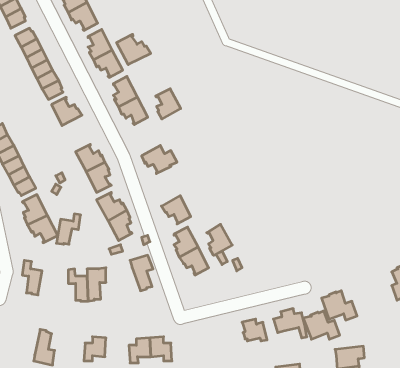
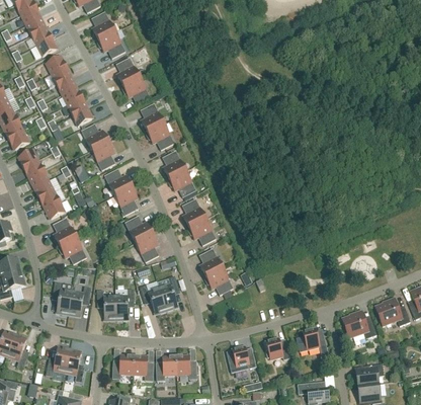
building: [117,34,151,65] -> none
building: [156,89,181,119] -> [162,150,186,179]
building: none -> [91,140,115,169]
building: none -> [182,198,205,228]
building: [56,214,81,244] -> [68,286,91,315]
building: [207,224,232,255] -> none
building: none -> [140,285,167,313]
building: [303,311,340,339] -> [374,298,410,325]
building: none -> [227,345,256,372]
building: none -> [46,346,70,376]
building: none -> [133,355,154,380]

